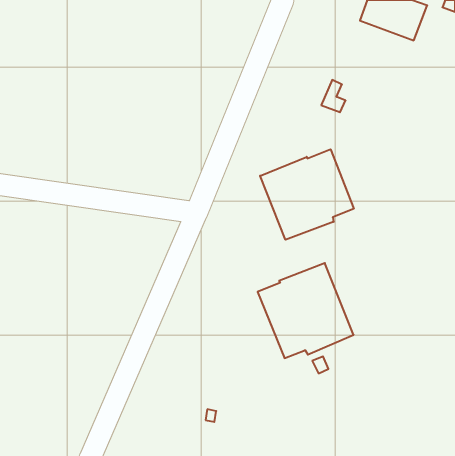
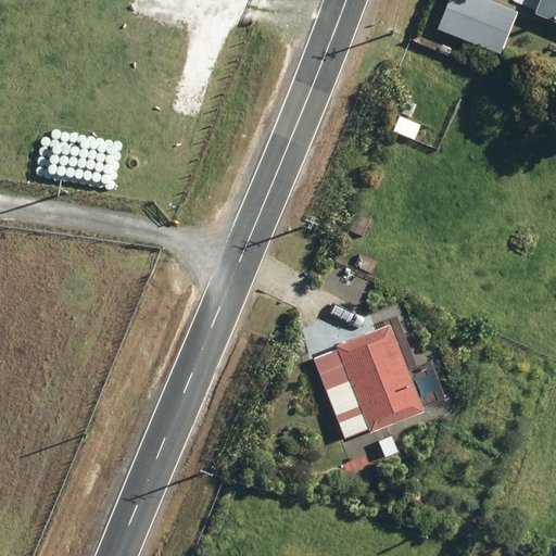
building: [260,149,354,240] -> none

